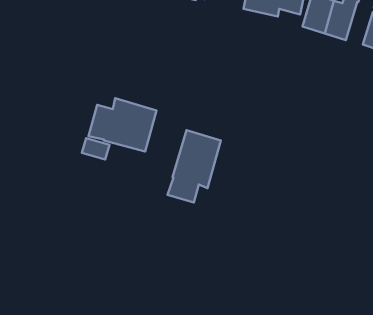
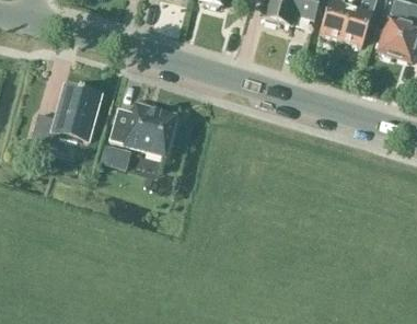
building: none -> [32,84,102,148]
building: [168,130,221,202] -> none

